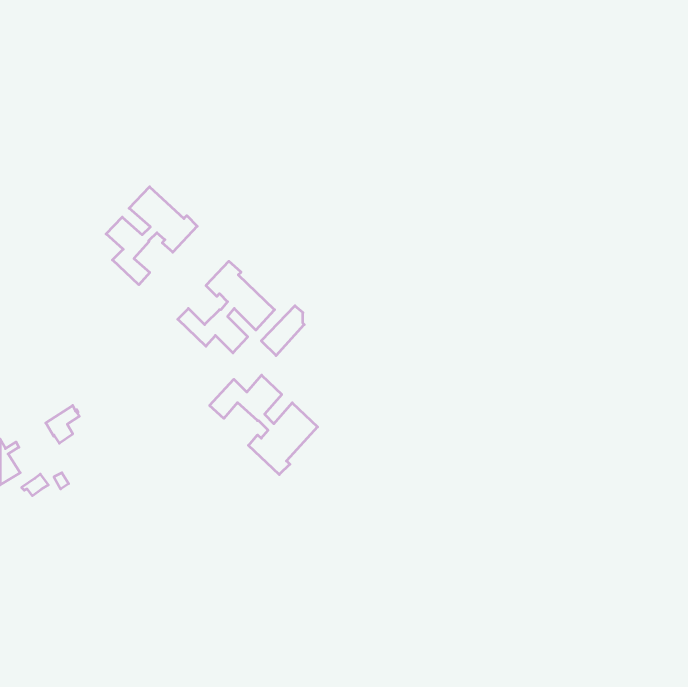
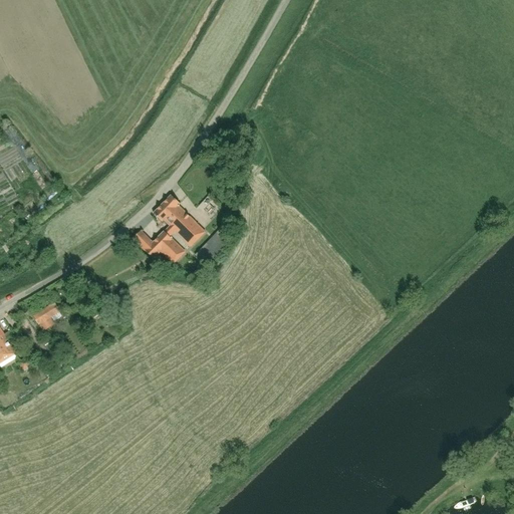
building: [106,187,197,285] -> none
building: [210,375,318,475] -> none

